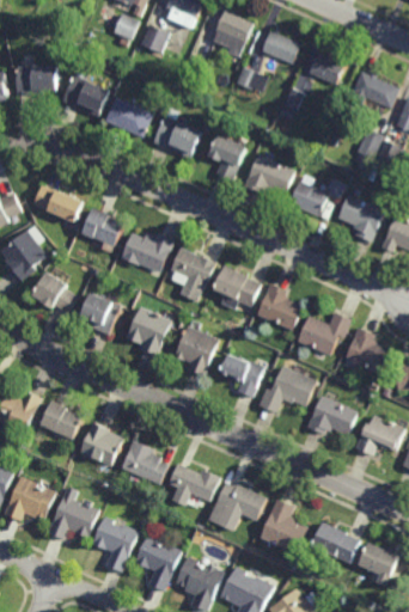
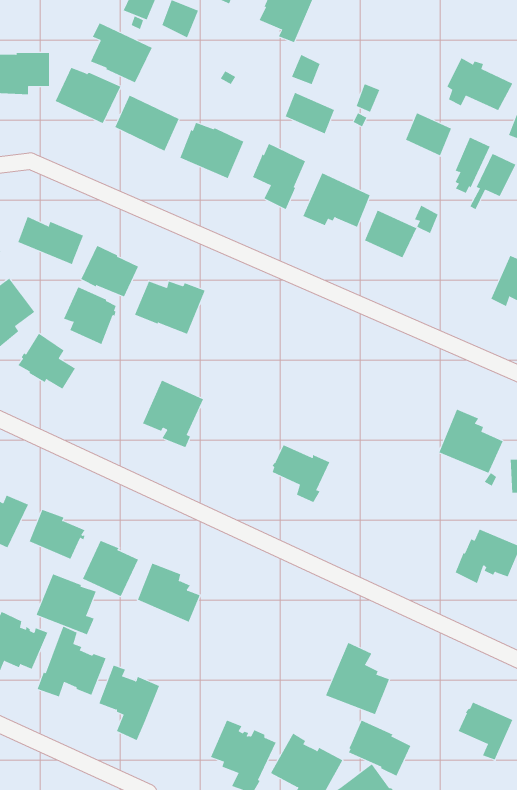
building: [262,32,299,63] -> [285,92,335,134]
building: none -> [90,23,153,83]
building: [309,51,343,84] -> [405,112,452,156]
building: [338,192,385,241] -> none
building: [170,247,215,301] -> none
building: [213,265,262,307] -> none
building: [257,282,304,330] -> none
building: [80,292,120,335] -> [63,286,117,345]
building: [298,312,352,356] -> none
building: [175,325,219,375] -> none
building: [260,366,317,412] -> none
building: [307,396,359,436] -> none
building: none -> [36,573,96,635]
building: [170,464,222,507] -> none
building: [210,483,268,531] -> none
building: [313,522,360,564] -> [348,720,411,777]
building: [135,537,182,592] -> none

